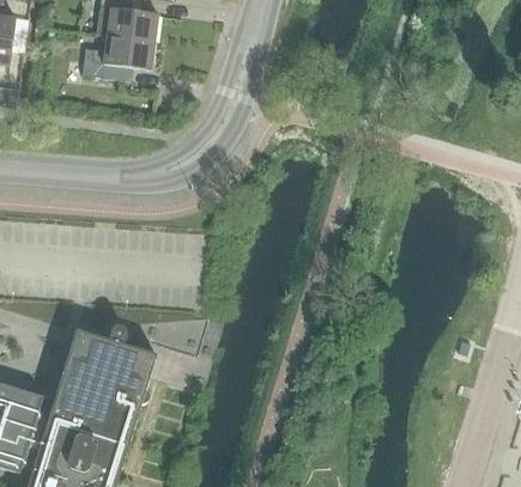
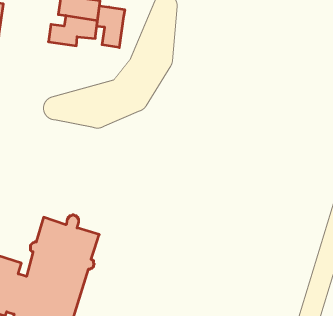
building: none -> [97,6,125,48]

